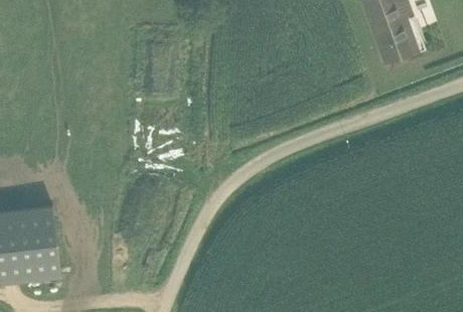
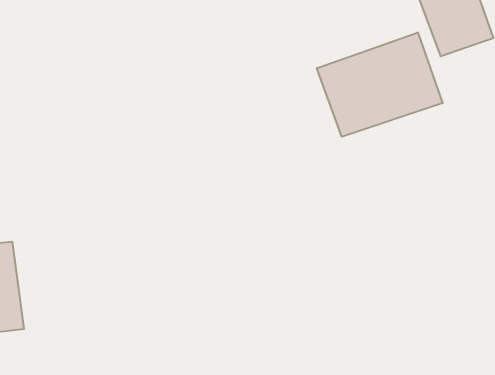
building: none -> [317,32,443,137]

